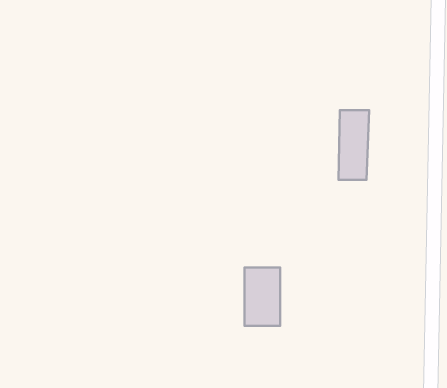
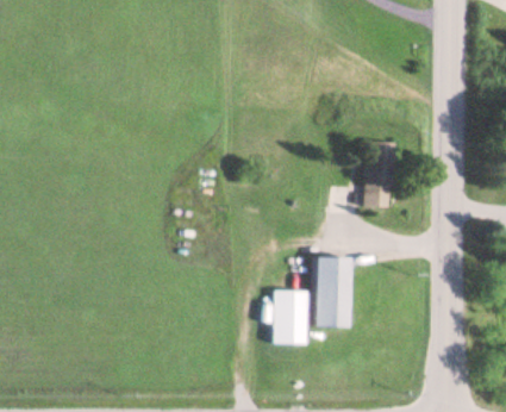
building: none -> [316,256,349,327]

